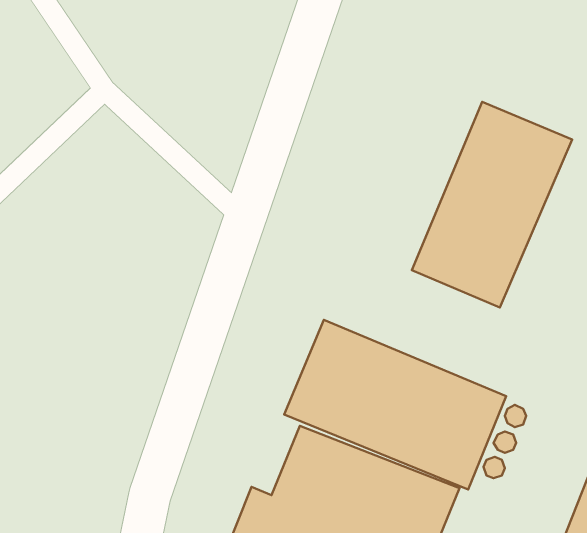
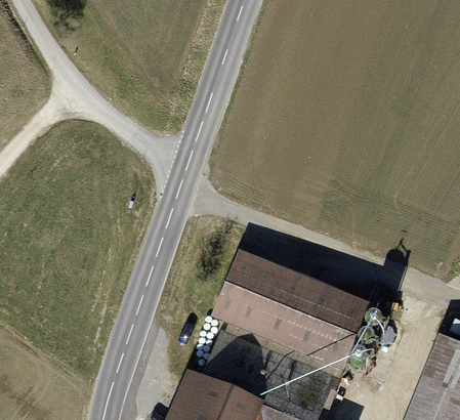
building: [412,102,572,308] -> none

